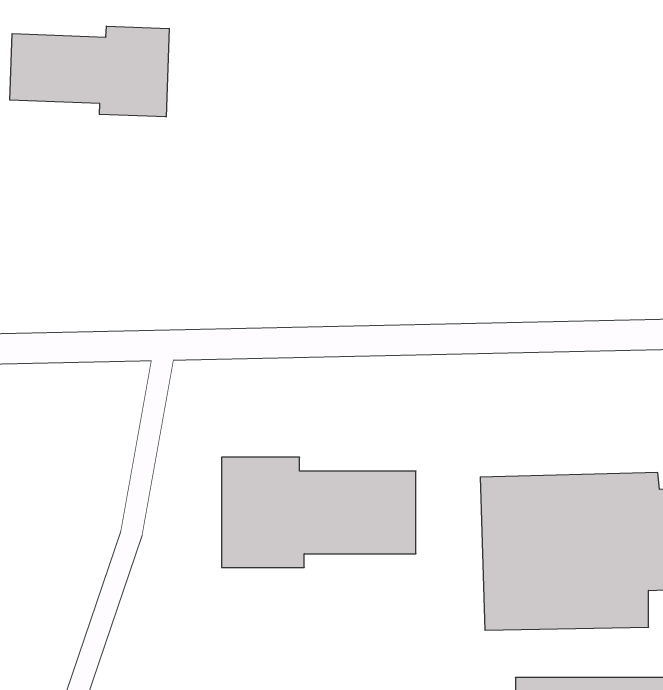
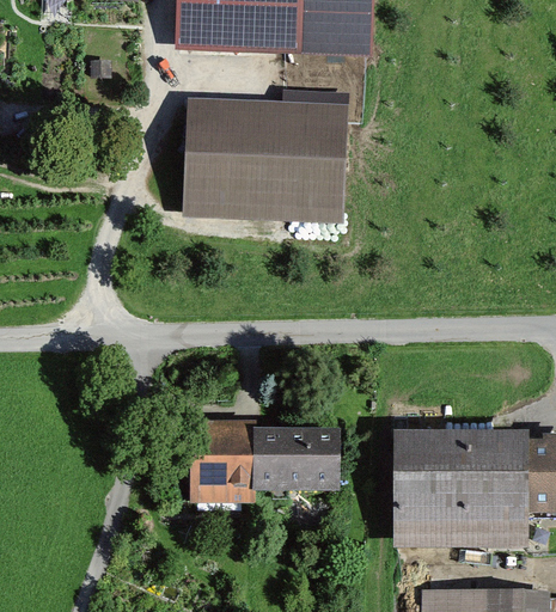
building: [10,26,169,117] -> none
building: none -> [182,98,349,218]

